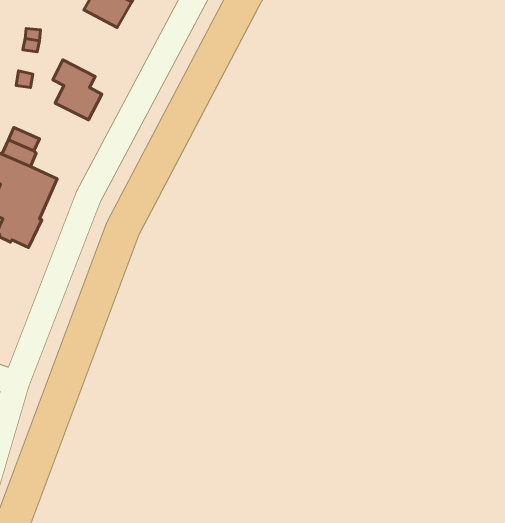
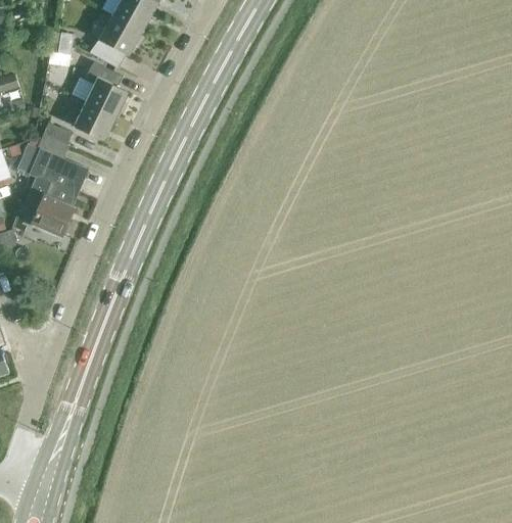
building: none -> [89,15,142,69]
building: none -> [73,101,115,142]

